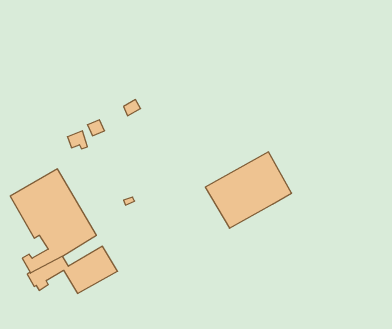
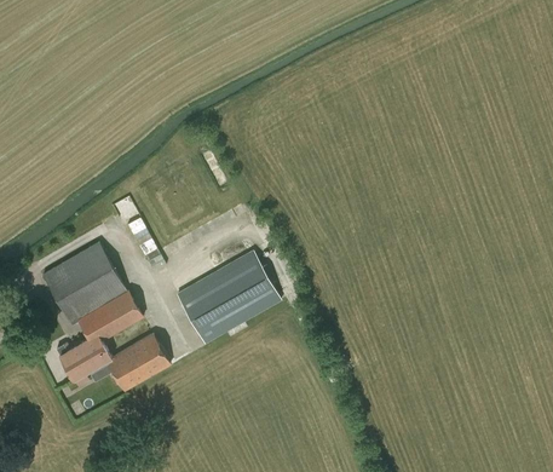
building: [205,152,292,228] -> [175,251,280,343]

